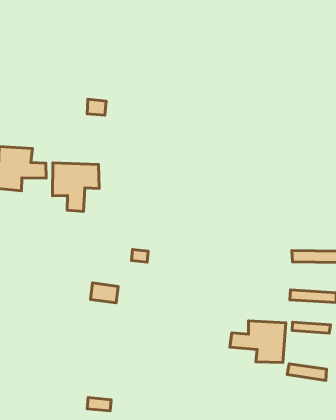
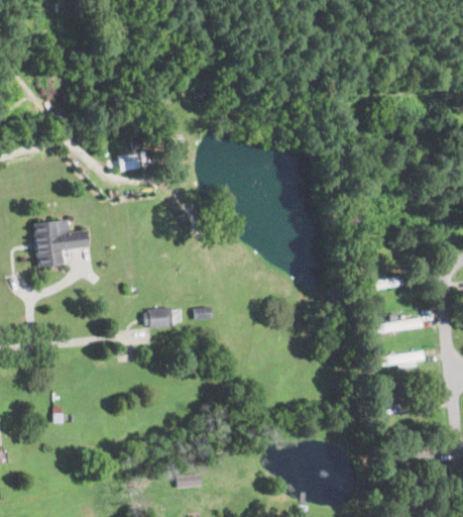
building: [52,163,99,212] -> none
building: [91,283,118,303] -> [145,308,175,327]
building: [230,321,286,362] -> none

